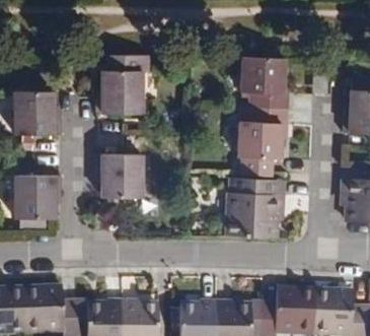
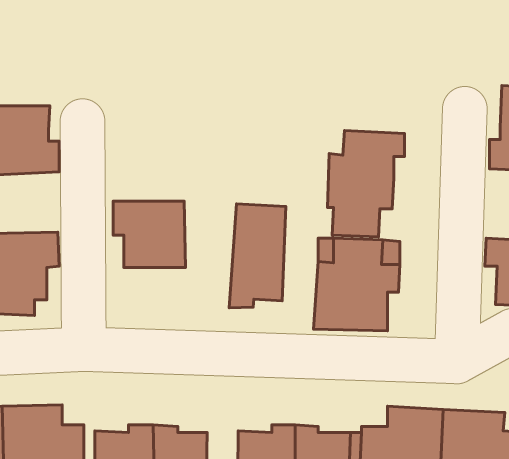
building: [96,54,146,113] -> none
building: [239,54,289,108] -> none
building: none -> [229,204,286,308]

